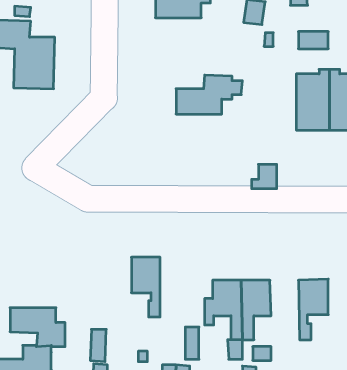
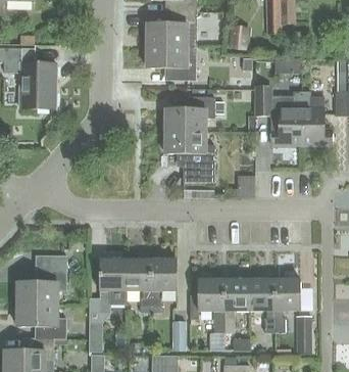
building: none -> [146,45,195,80]
building: none -> [253,85,271,115]
building: none -> [164,131,213,182]
building: none -> [16,254,65,304]
building: none -> [99,259,124,312]
building: none -> [150,259,176,312]
building: none -> [248,279,275,332]
building: none -> [295,316,311,354]

